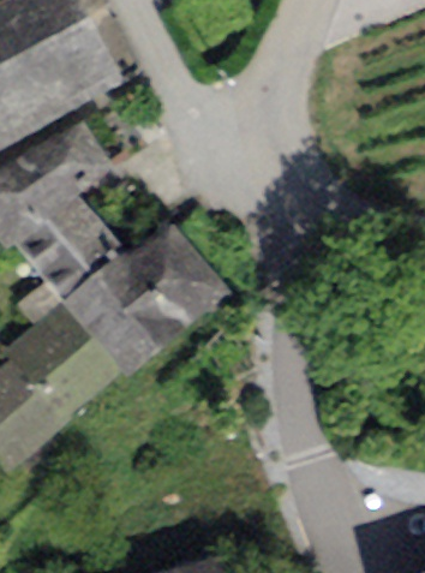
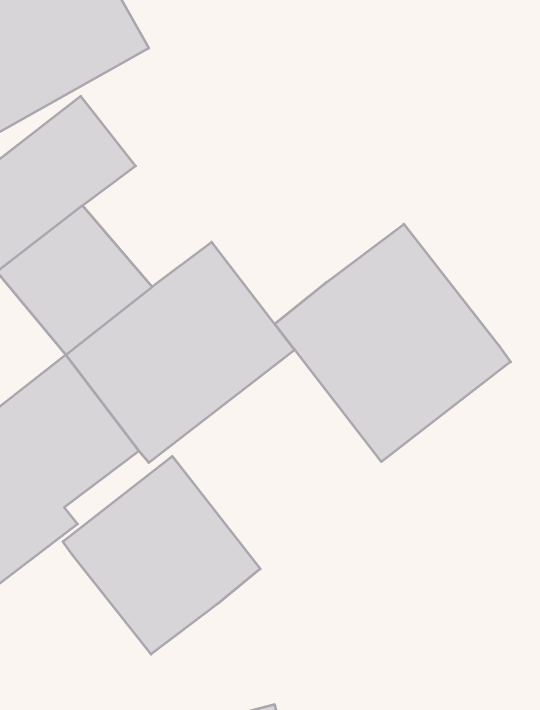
building: none -> [275,224,511,462]
building: none -> [63,456,260,654]

